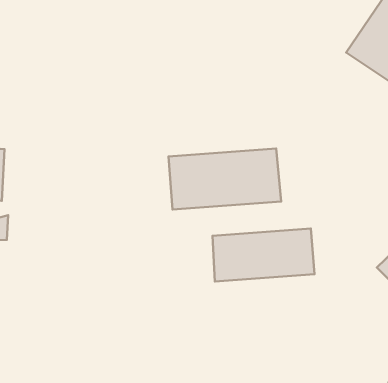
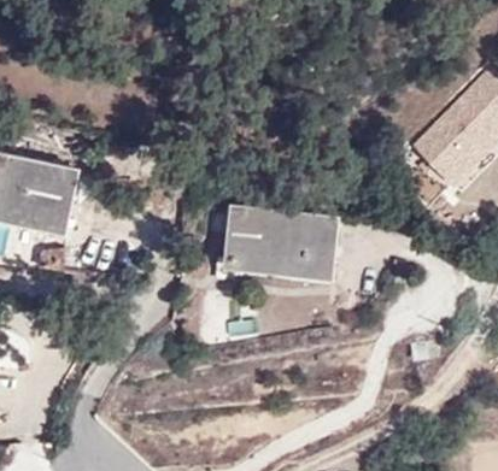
building: [212,229,314,282] -> none

